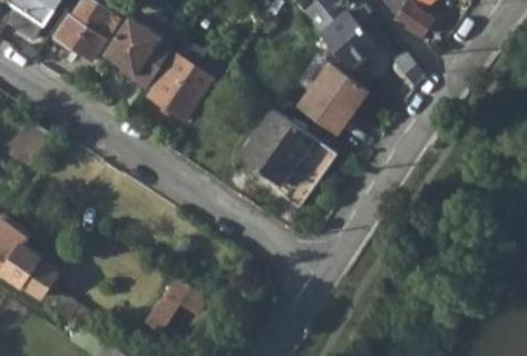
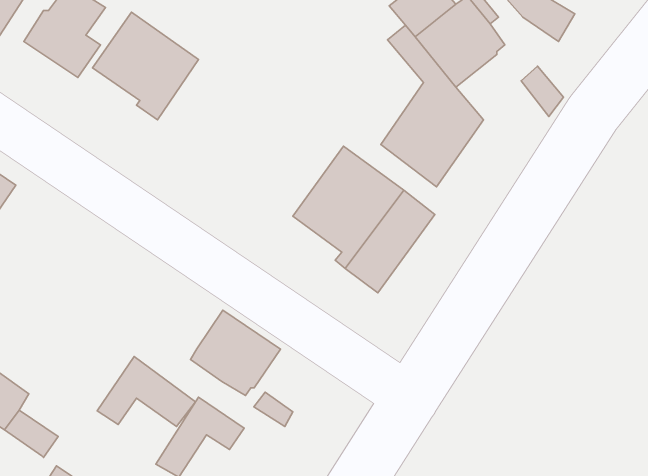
building: [147,38,223,119] -> none
building: none -> [190,310,280,396]
building: none -> [97,356,196,426]

